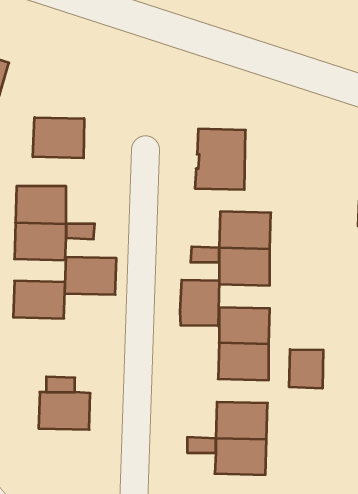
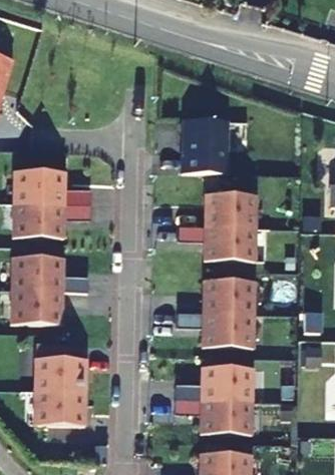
building: [33,117,84,158] -> none
building: [65,257,116,295] -> [15,290,62,324]
building: [180,280,219,326] -> none
building: [289,349,323,388] -> none
building: none -> [38,391,85,425]

